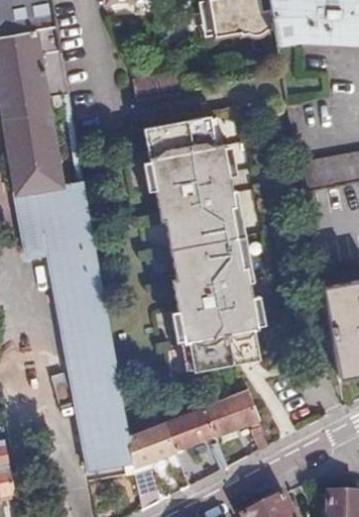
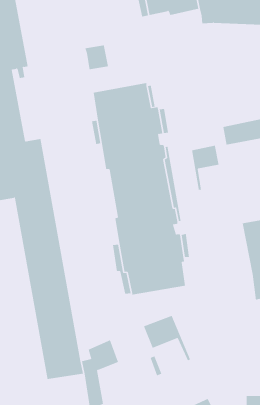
building: none -> [191,145,219,191]
building: [165,408,216,451] -> none

